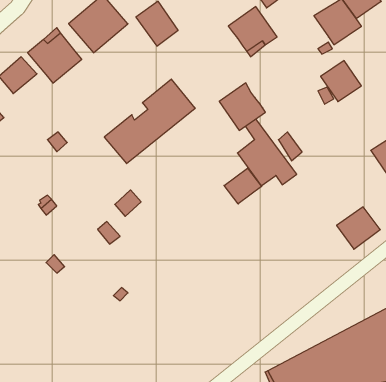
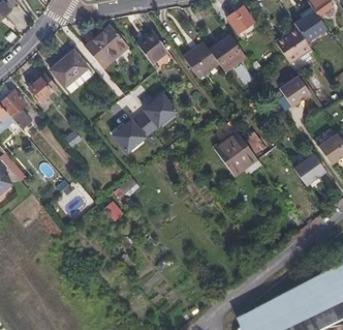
building: [219,83,265,130] -> [183,41,219,79]
building: [224,168,262,204] -> none
building: [337,207,380,249] -> [292,153,326,186]

